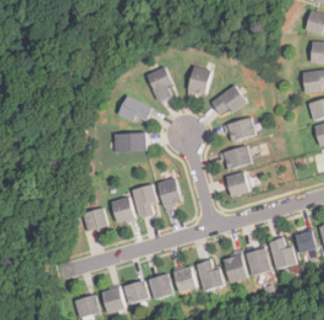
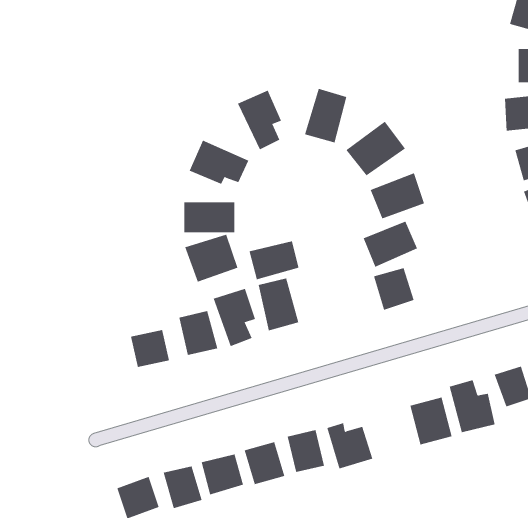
building: none -> [185,234,238,283]
building: none -> [249,240,299,280]
building: [224,253,247,282] -> none

